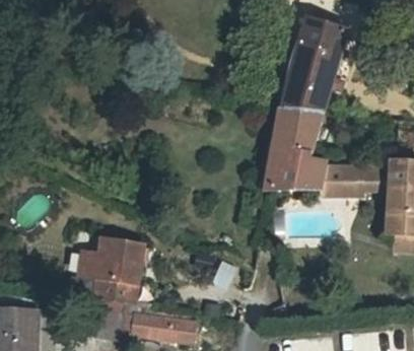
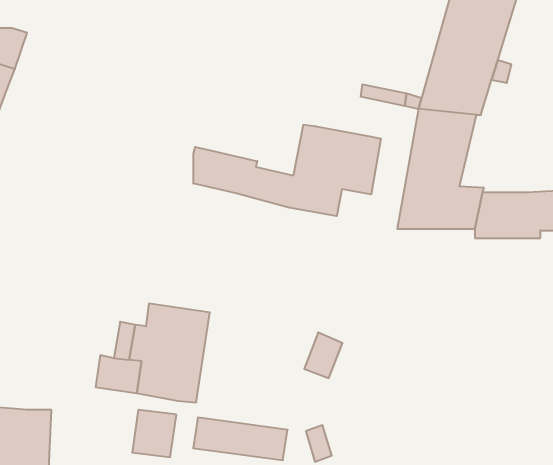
building: none -> [193,125,381,216]

